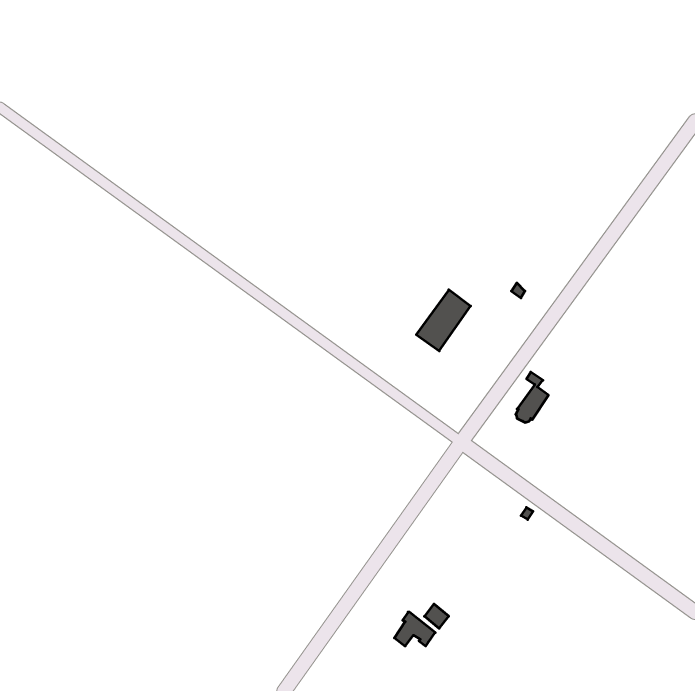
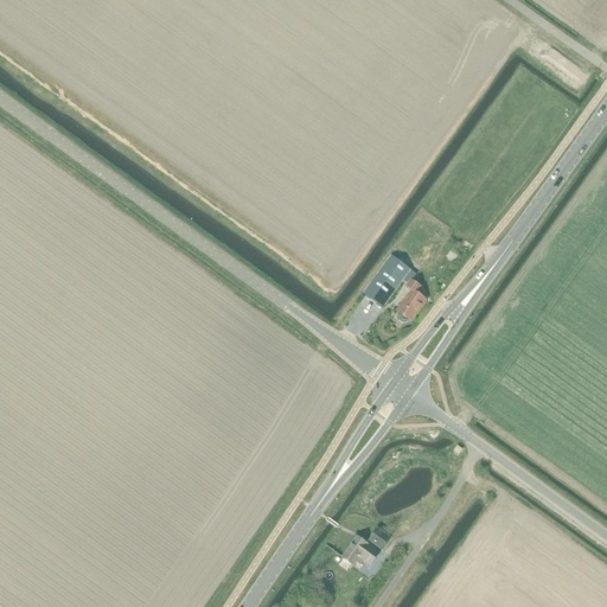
building: [516,372,548,422] -> [397,277,426,321]

